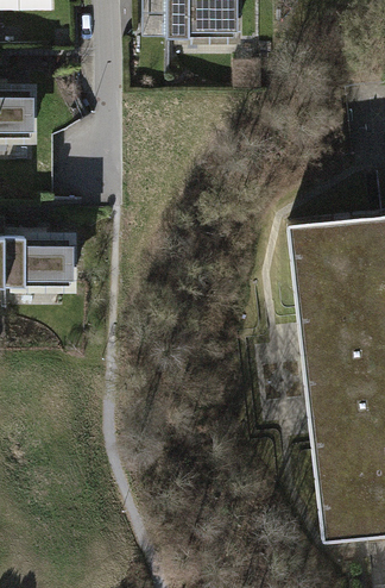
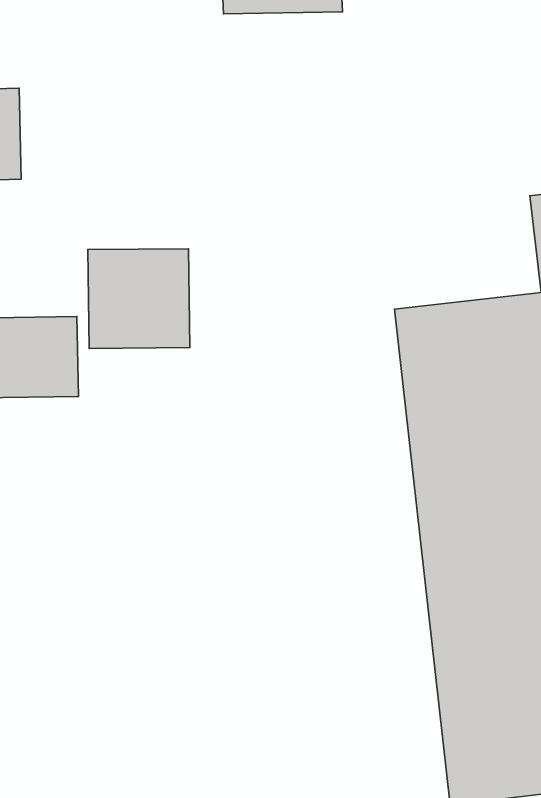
building: none -> [88,249,190,348]

